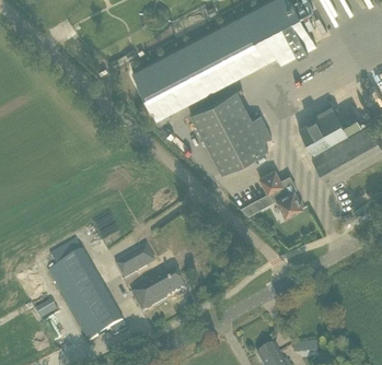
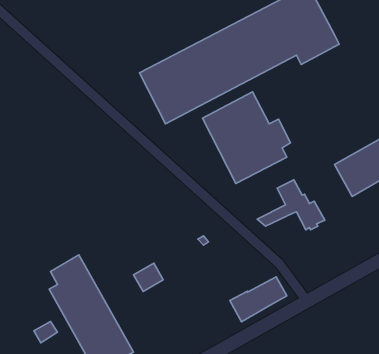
building: [299,107,348,153] -> none
building: [131,269,184,310] -> [230,277,287,322]

